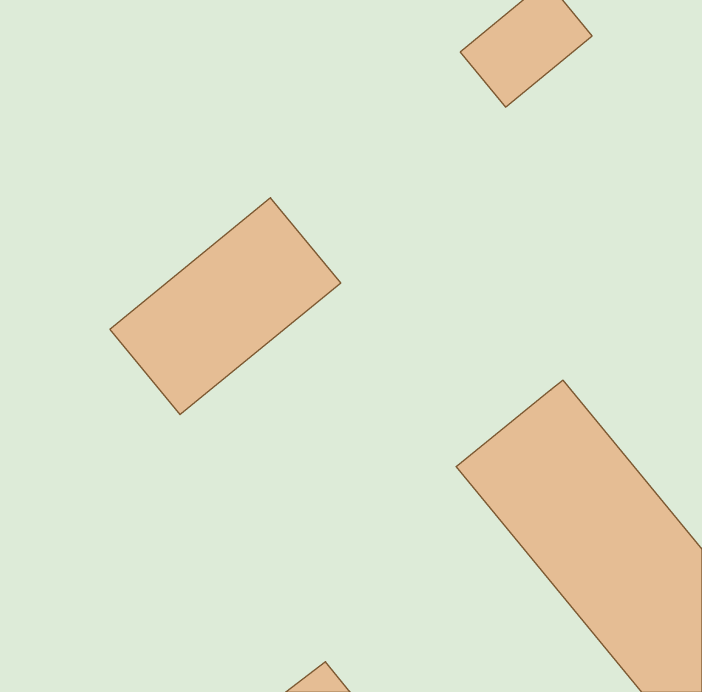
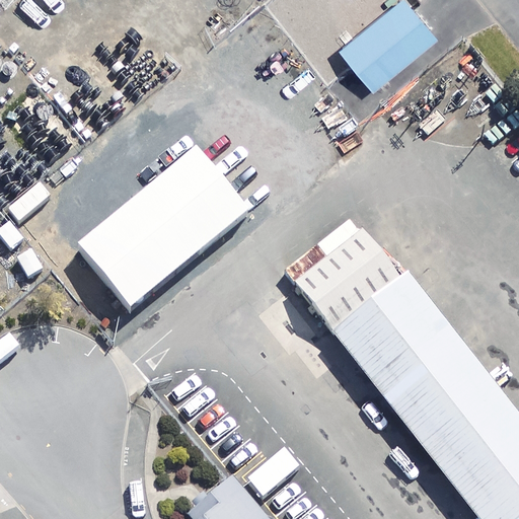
building: none -> [296,238,406,345]

